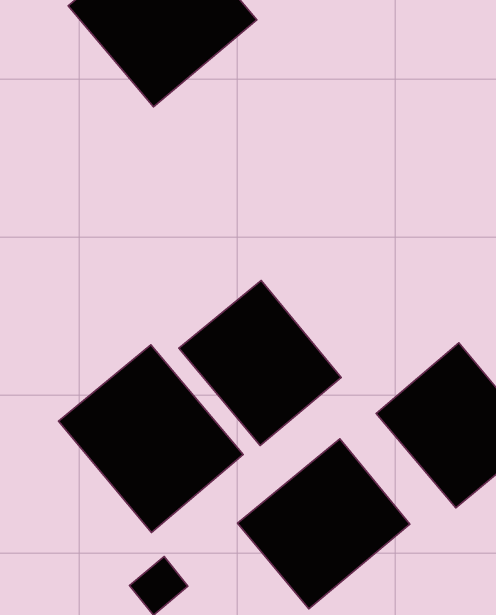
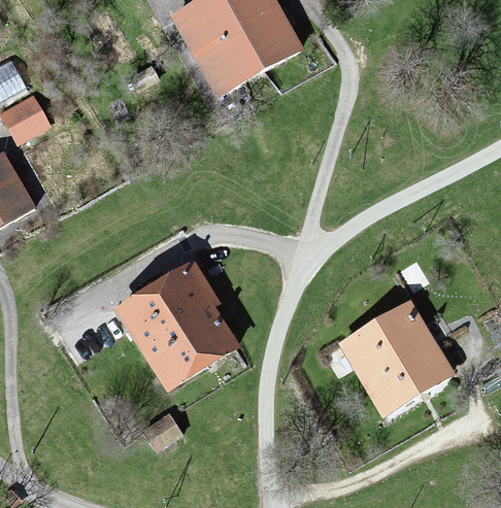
building: [179,281,341,446] -> none
building: [237,439,410,609] -> none

